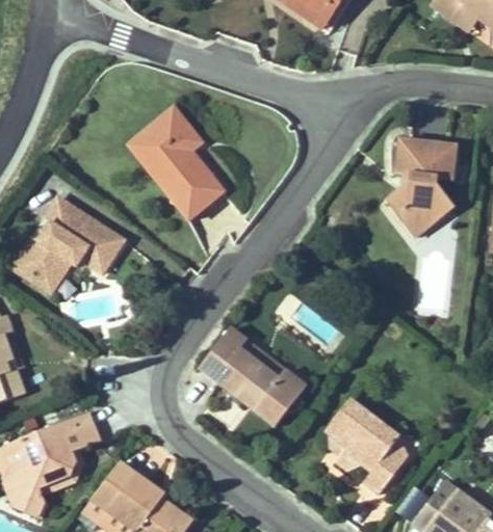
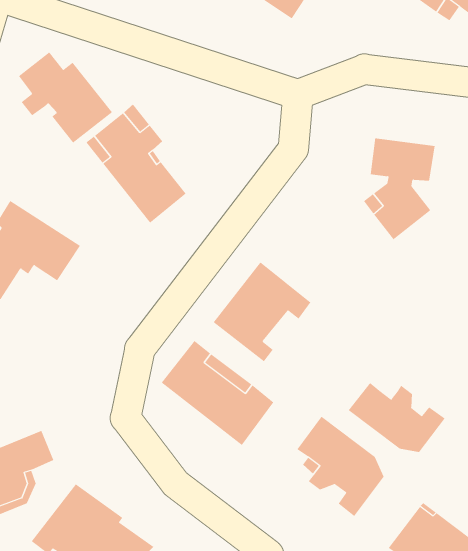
building: none -> [18,51,113,143]
building: none -> [213,261,311,362]
building: none -> [348,382,446,453]

